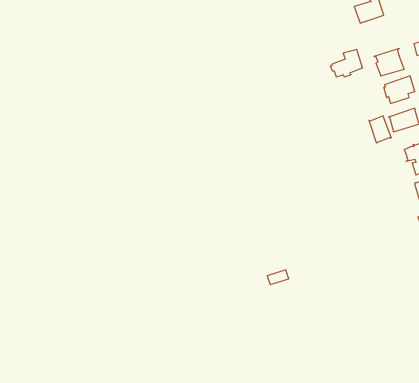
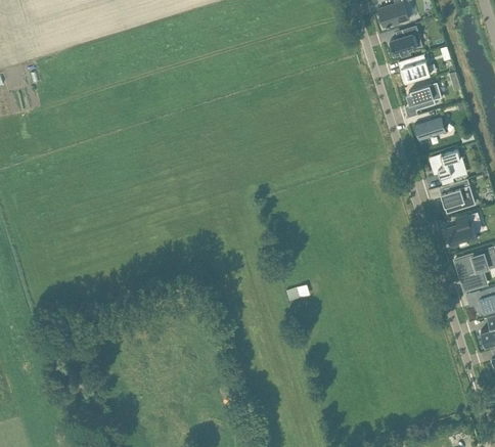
building: [330,49,363,77] -> [388,26,421,54]
building: [369,116,391,143] -> none

